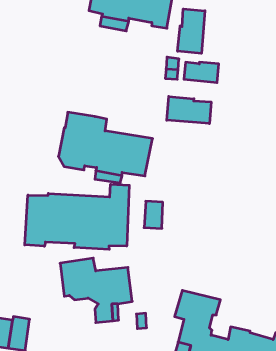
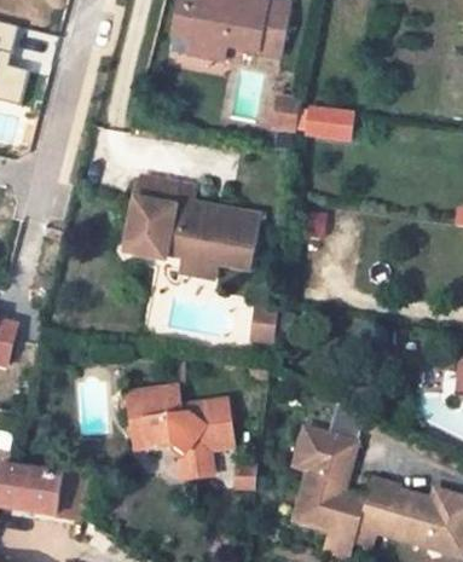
building: [178,9,205,53] -> none
building: [167,96,211,124] -> none
building: [25,184,129,249] -> none

